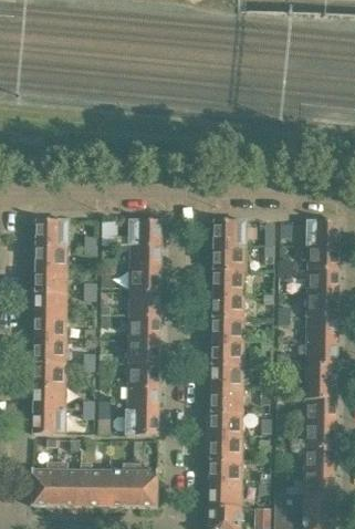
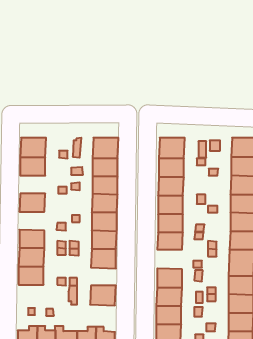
building: [34,270,66,293] -> none
building: [33,317,65,341] -> none
building: [210,365,242,391] -> none
building: [125,388,157,412] -> none
building: [32,411,64,436] -> none

